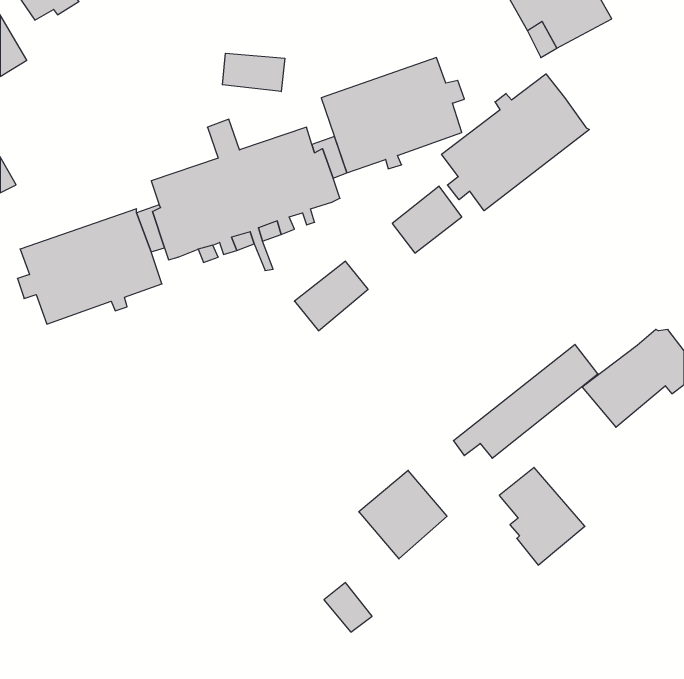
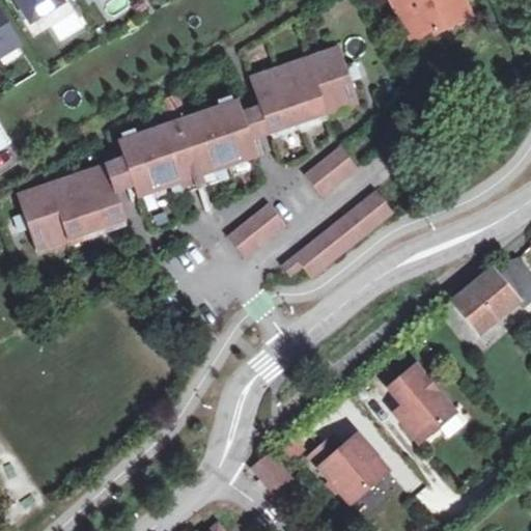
building: [222,53,285,92] -> none
building: [442,74,589,211] -> none
building: [453,344,598,458] -> [281,190,393,278]
building: [359,470,447,559] -> [317,431,386,500]

